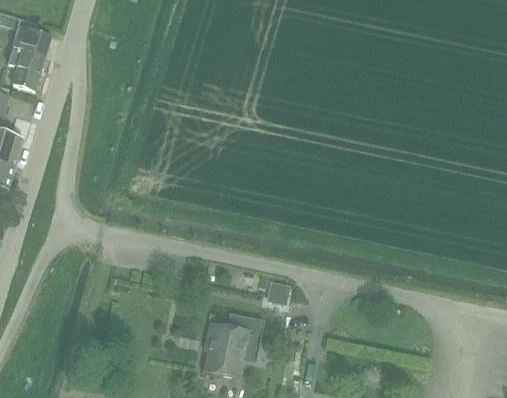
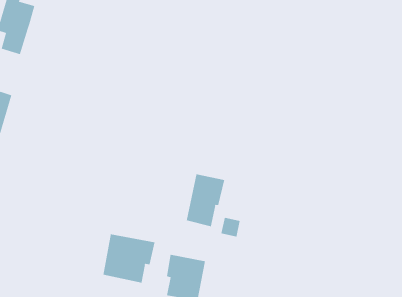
building: none -> [186,174,225,227]
building: none -> [103,233,155,283]

